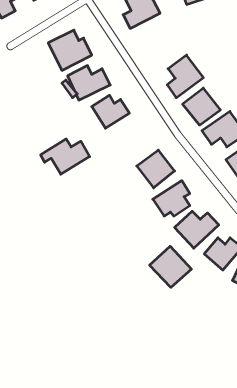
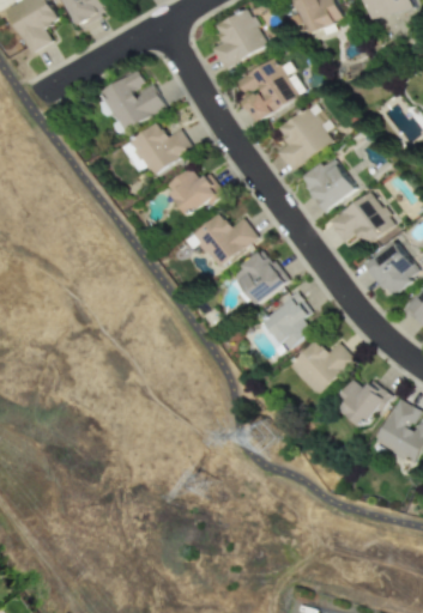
building: none -> [237,59,298,122]
building: [41,139,90,174] -> [185,214,258,267]
building: [150,246,191,287] -> none

